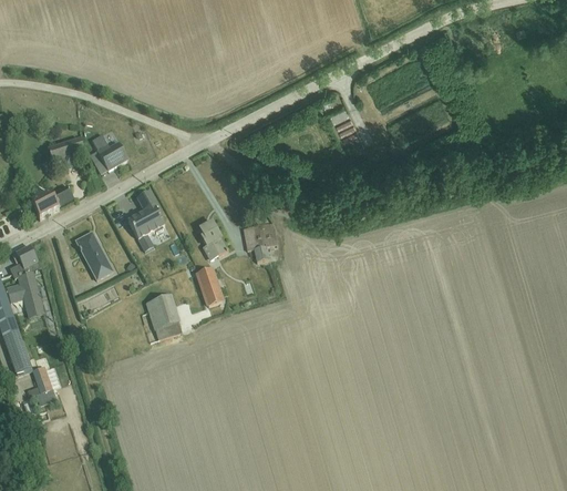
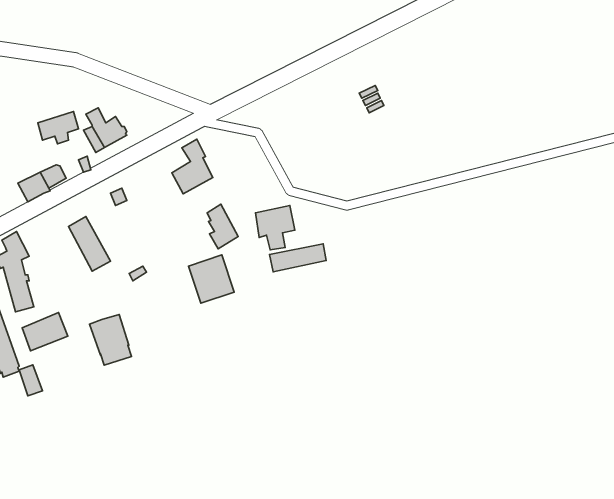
building: [127,191,164,239] -> [172,139,213,194]
building: none -> [269,244,326,272]
building: [144,294,182,339] -> [89,314,131,365]
building: none -> [22,313,68,351]

